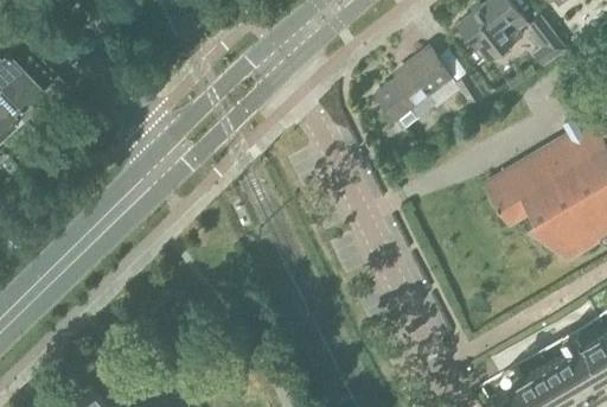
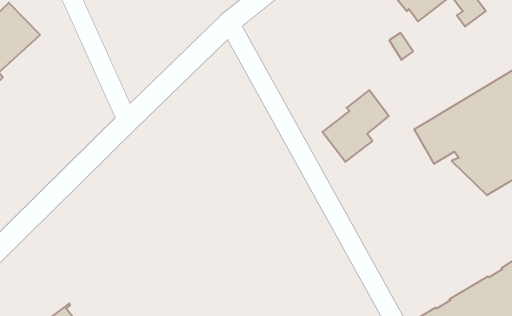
building: [375,49,451,131] -> [322,90,389,162]

